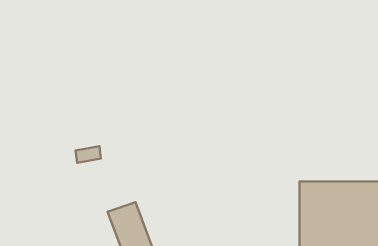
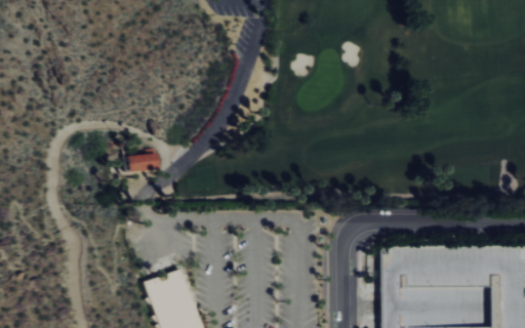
building: [75,146,101,163] -> [129,152,161,172]

